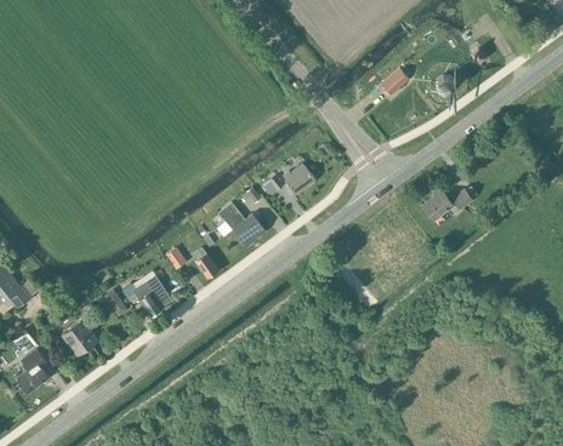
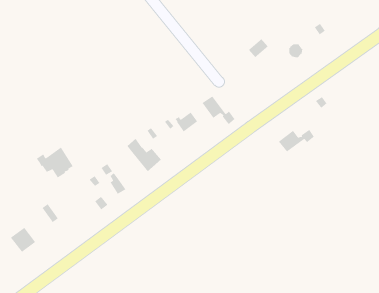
building: none -> [202,95,235,125]
building: [121,274,172,316] -> [36,147,74,178]

